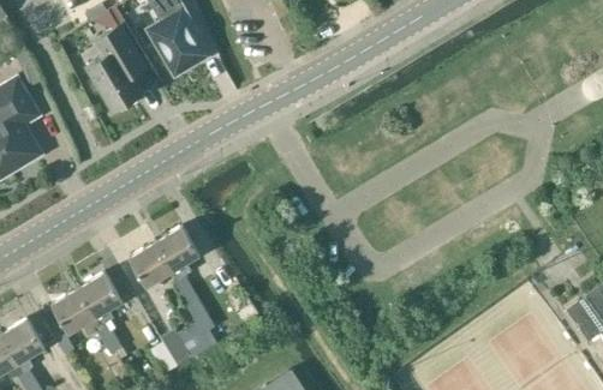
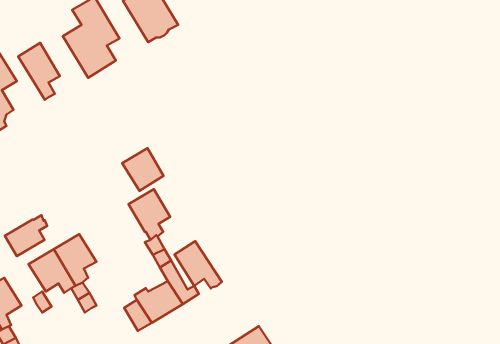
building: none -> [18,43,60,100]
building: [129,242,172,287] -> [122,148,164,191]
building: none -> [5,215,47,256]
building: none -> [175,241,222,288]

